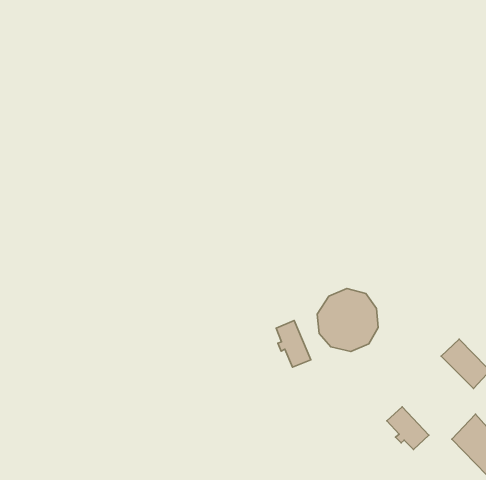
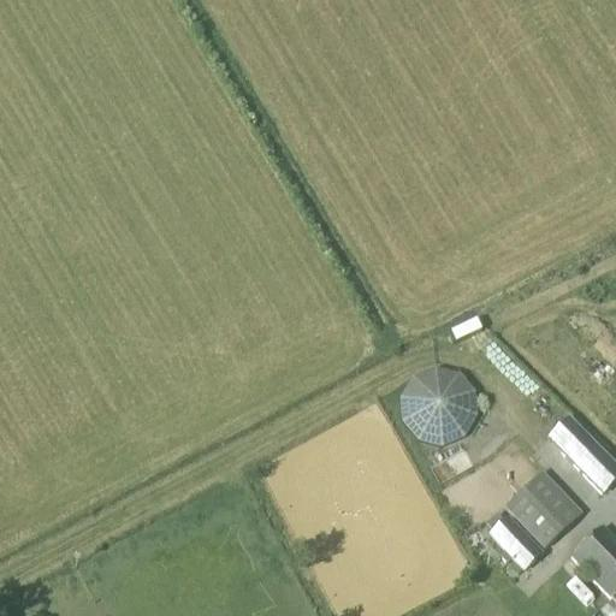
building: [276,320,311,367] -> none
building: none -> [505,473,579,545]

